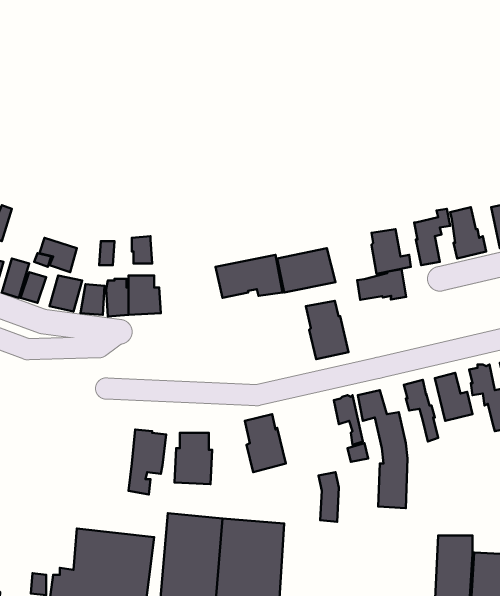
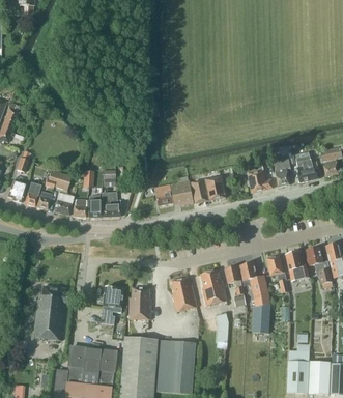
building: [357,269,406,300] -> none
building: [306,301,349,359] -> [200,269,226,305]
building: none -> [32,285,70,339]

